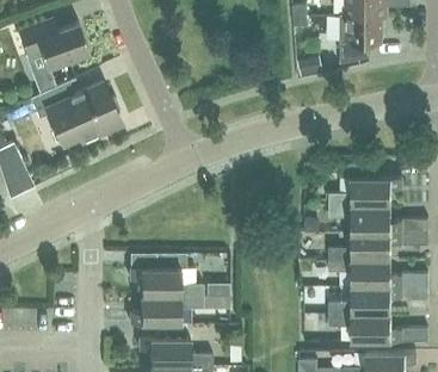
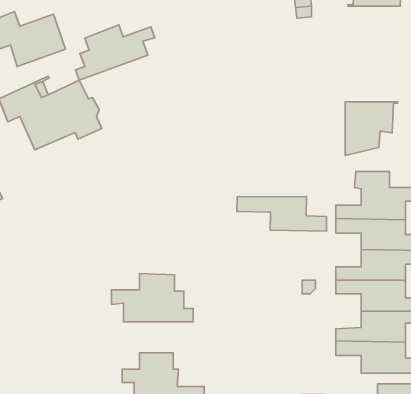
building: [340,17,387,64] -> [345,102,397,156]
building: none -> [75,25,155,80]
building: none -> [237,197,327,231]
building: [130,296,230,324] -> none

